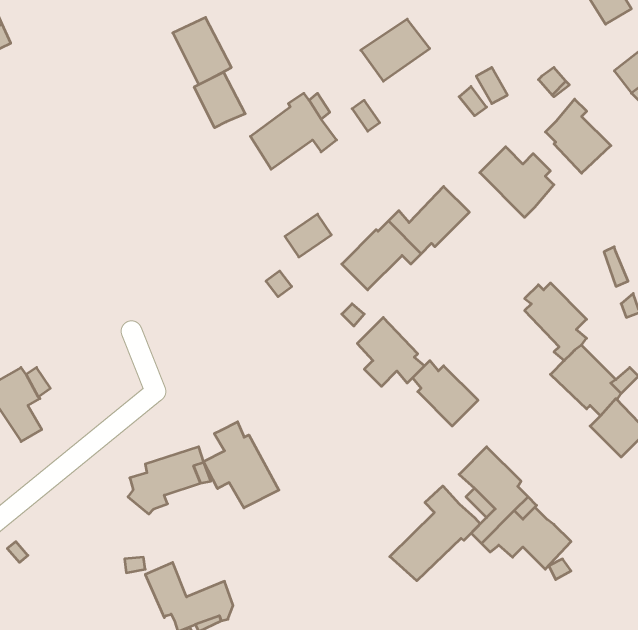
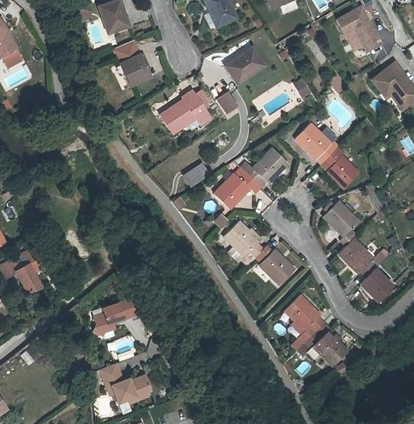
building: [194,72,245,128] -> none
building: [545,99,611,173] -> [321,144,359,187]
building: [204,422,279,508] -> none
building: [390,486,480,581] -> none

